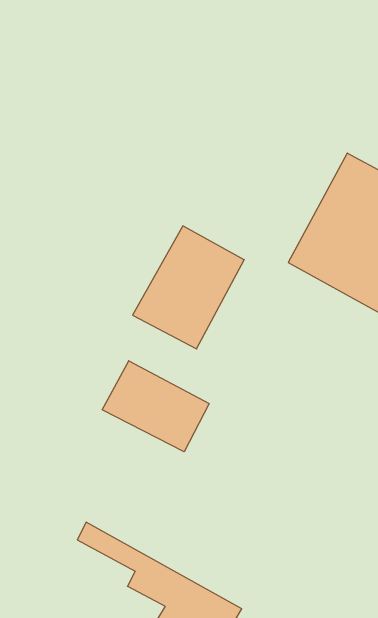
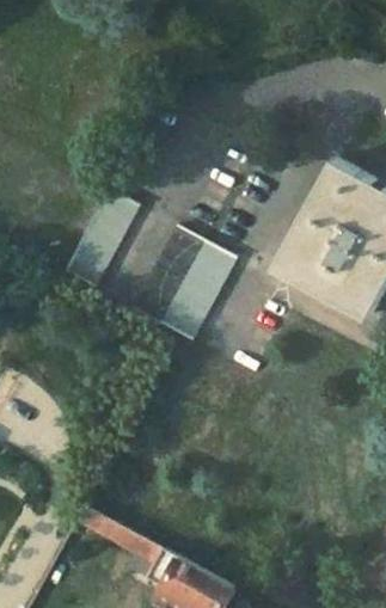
building: none -> [65,186,139,288]
building: [102,361,209,452] -> none

